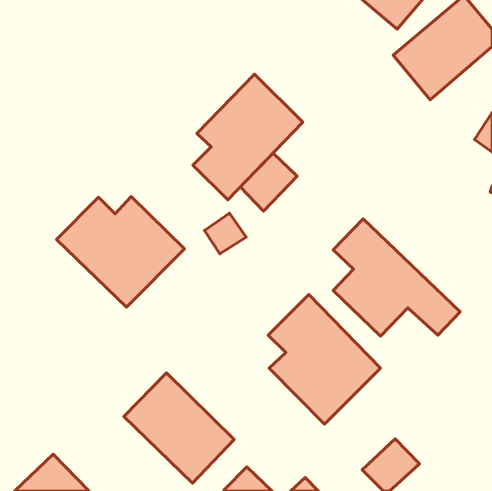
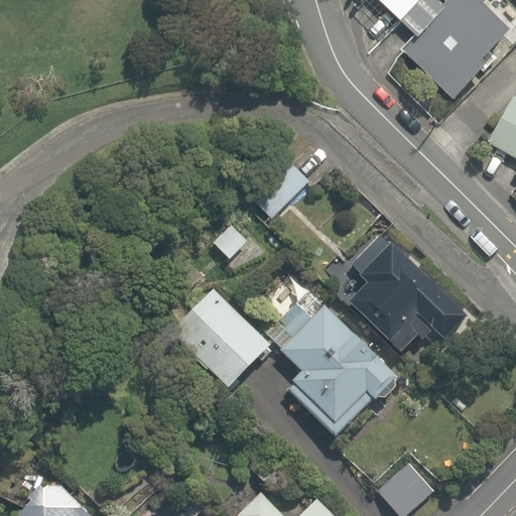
building: [193,74,303,200] -> none
building: [57,197,184,307] -> none
building: [124,373,234,483] -> [163,278,278,393]

